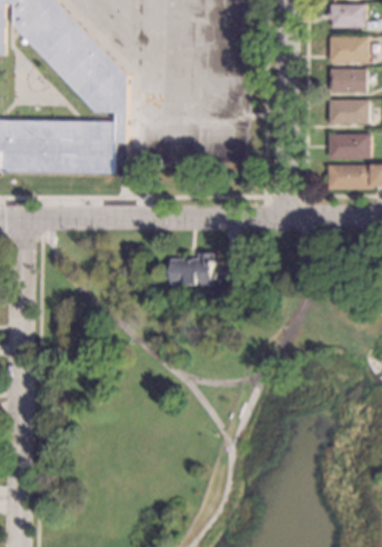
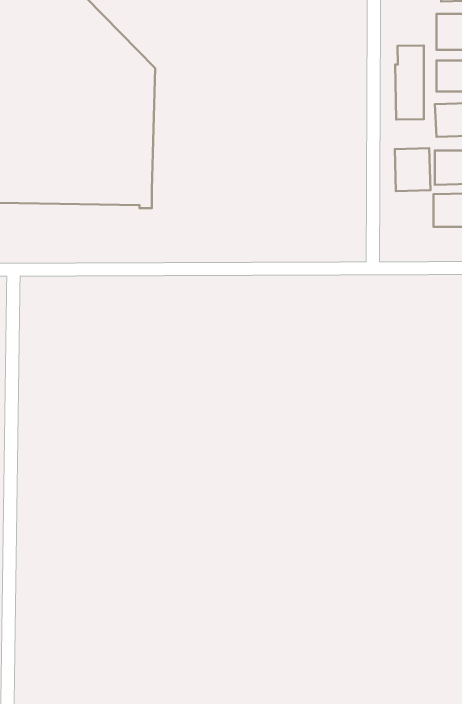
building: none -> [395,45,424,120]
building: none -> [395,148,430,191]
building: [168,253,243,290] -> none

